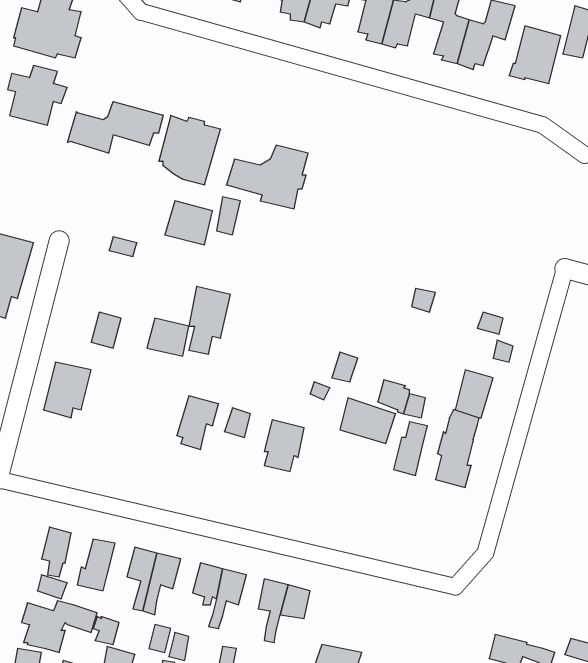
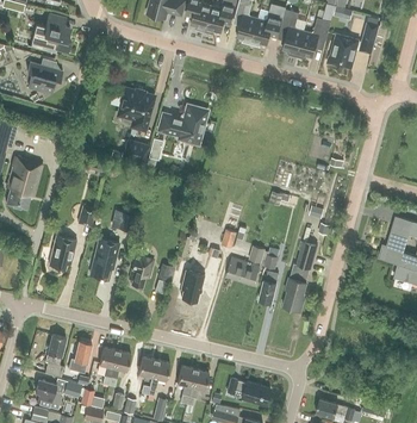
building: [67,102,163,153] -> none
building: [189,286,230,354] -> [93,238,118,279]
building: none -> [225,378,269,405]

